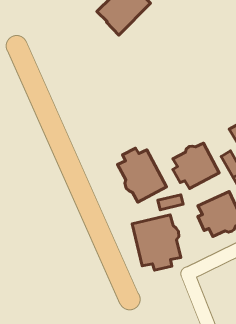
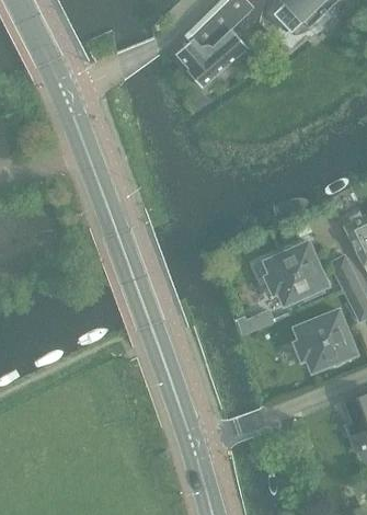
building: [117,148,166,202] -> none
building: [132,215,181,270] -> none

